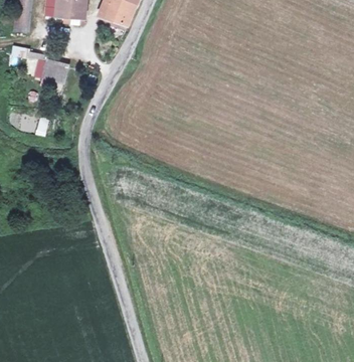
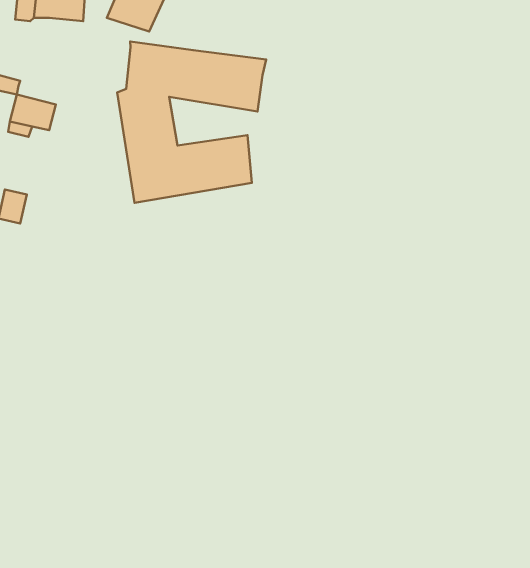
building: none -> [117,41,266,203]

